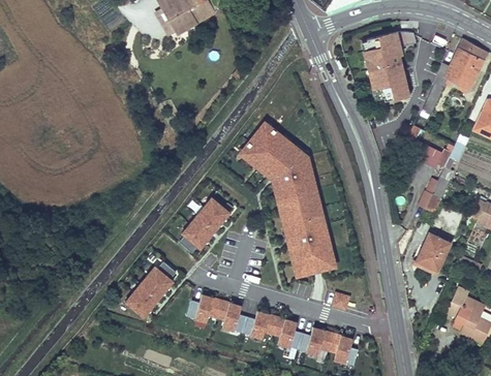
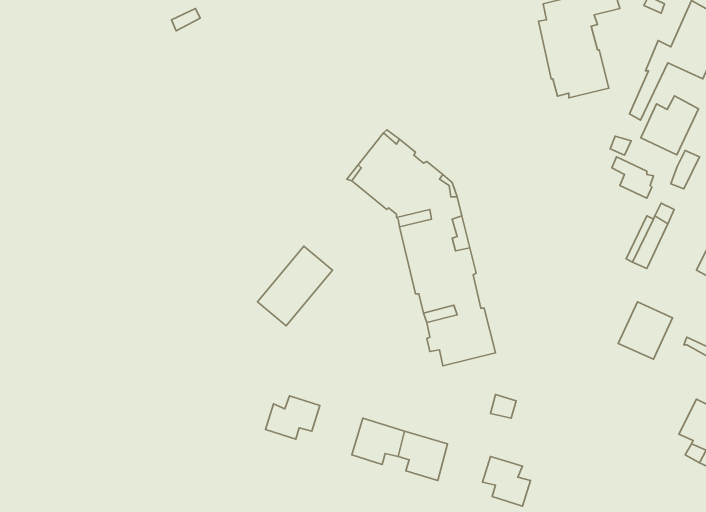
building: none -> [641,96,698,155]
building: [125,265,174,317] -> none
building: [217,301,250,333] -> none
building: [299,325,333,355] -> none

